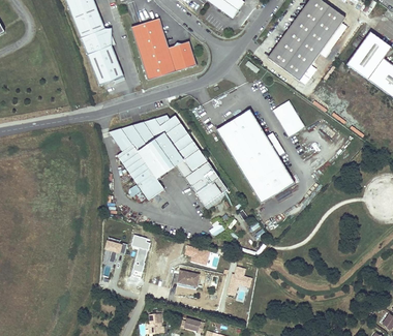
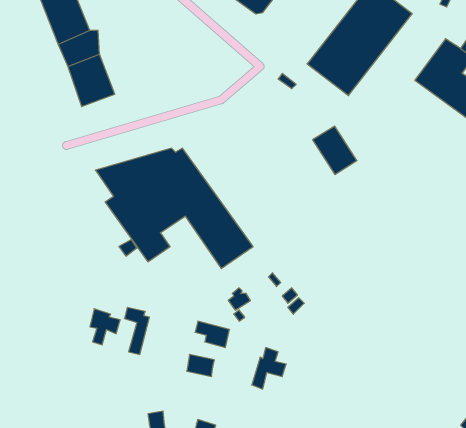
building: [130,19,195,81] -> none
building: [216,109,294,202] -> none

